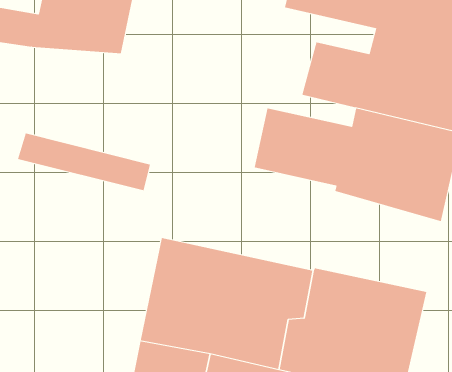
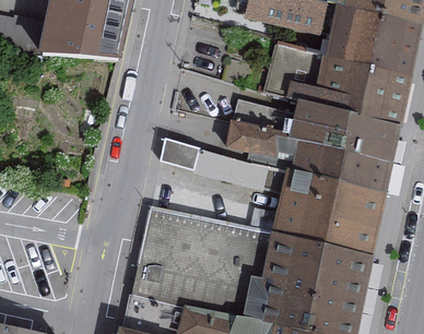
building: [17,133,151,191] -> [157,141,268,189]
building: none -> [278,170,382,253]

